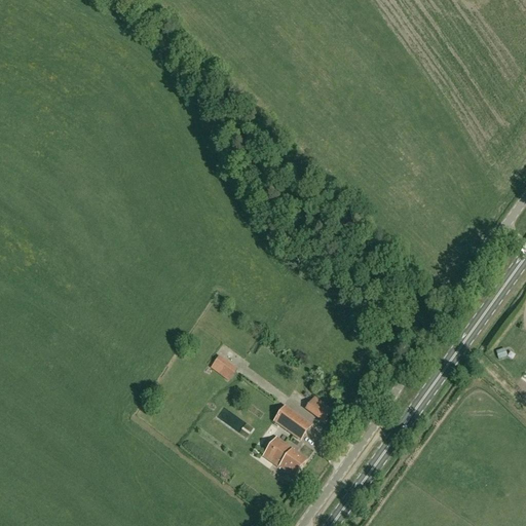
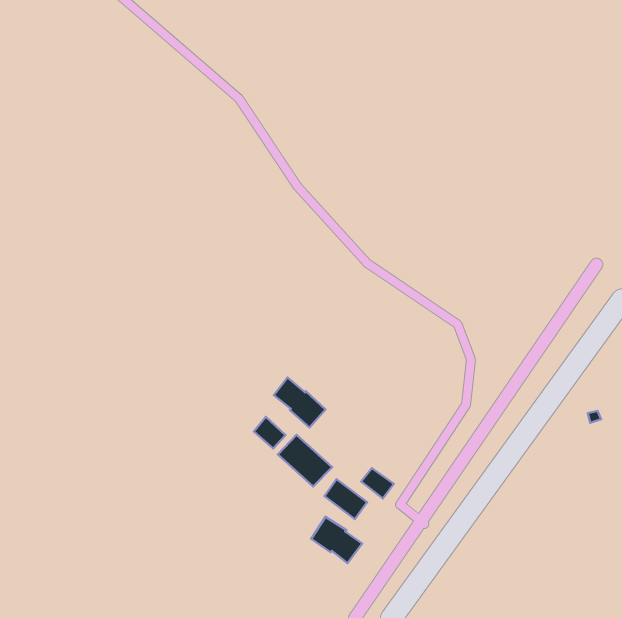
building: none -> [274,378,326,427]
building: none -> [278,435,332,487]

